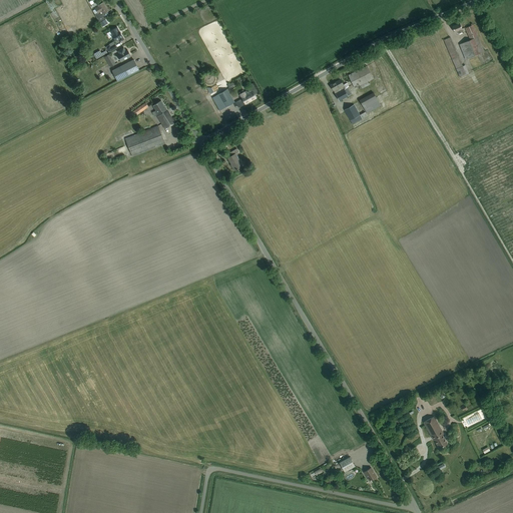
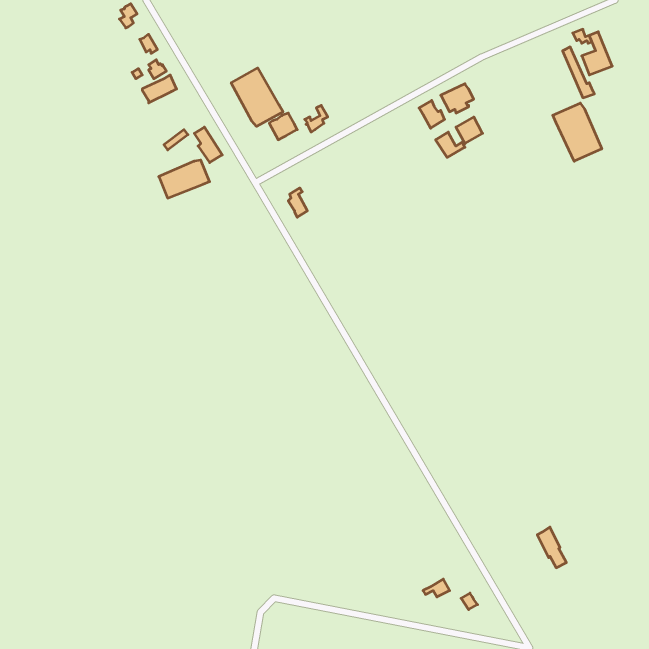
building: none -> [231,68,283,126]
building: none -> [553,103,602,161]

